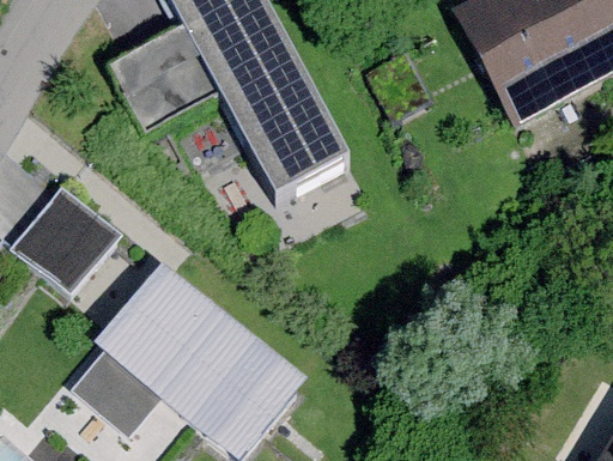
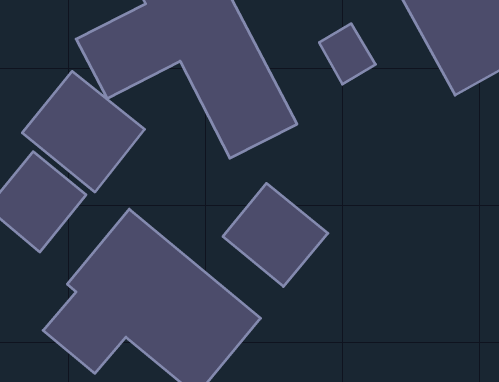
building: none -> [22,71,145,192]
building: none -> [223,183,328,287]

